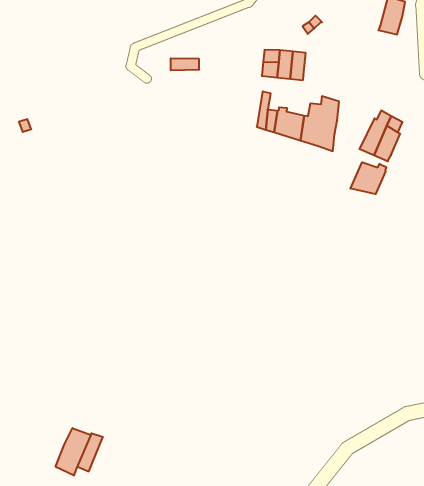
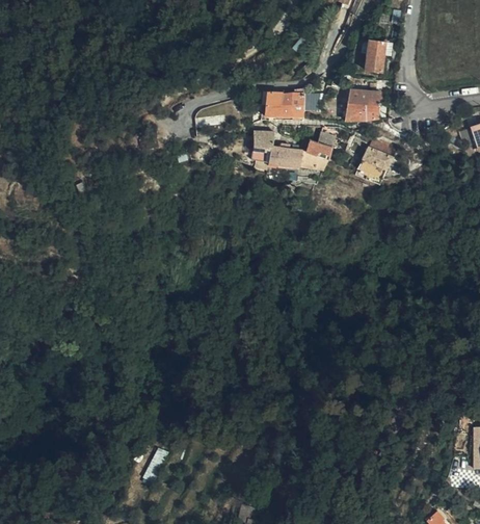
building: none -> [347,89,382,122]
building: none -> [255,131,270,163]
building: [350,162,386,194] -> none
building: [56,428,91,476] -> none

